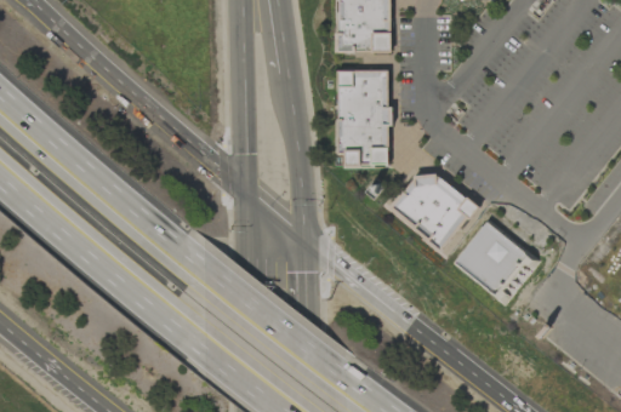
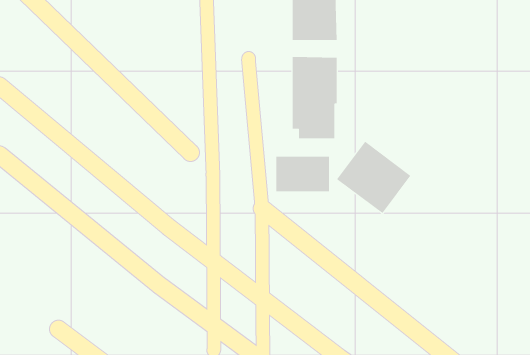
building: none -> [276,156,330,192]
building: [455,221,535,303] -> none

